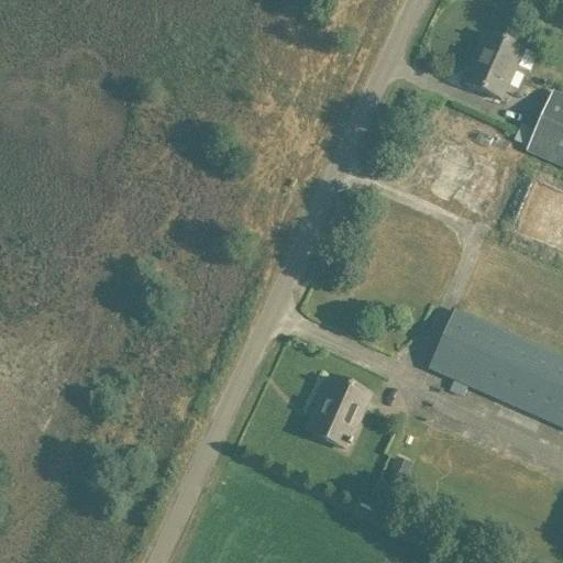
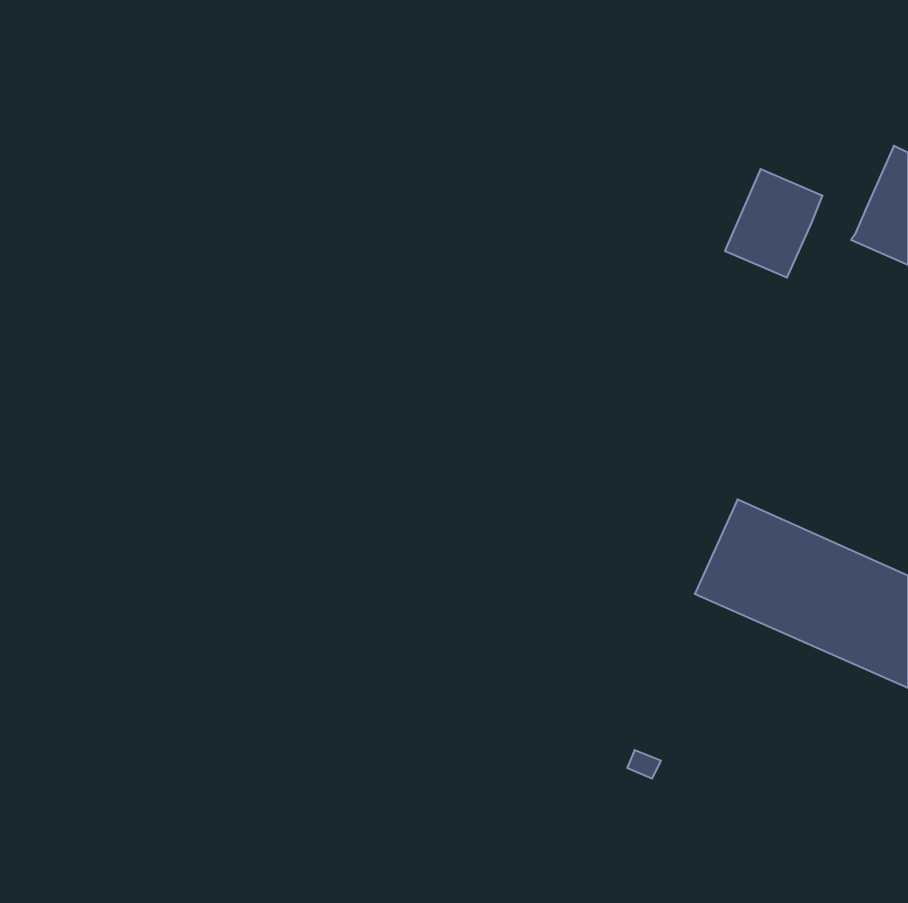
building: [463,31,523,98] -> [725,169,823,278]
building: [307,376,371,448] -> none

